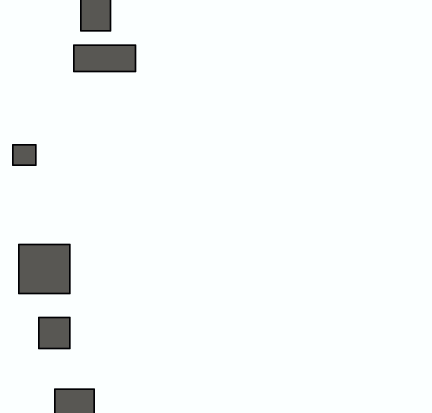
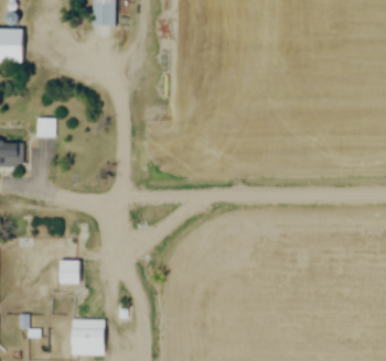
building: [74,45,135,72] -> none
building: [19,245,70,294] -> none

